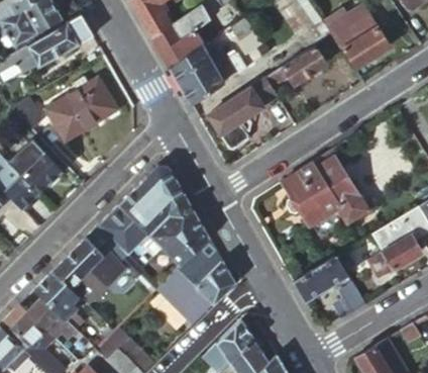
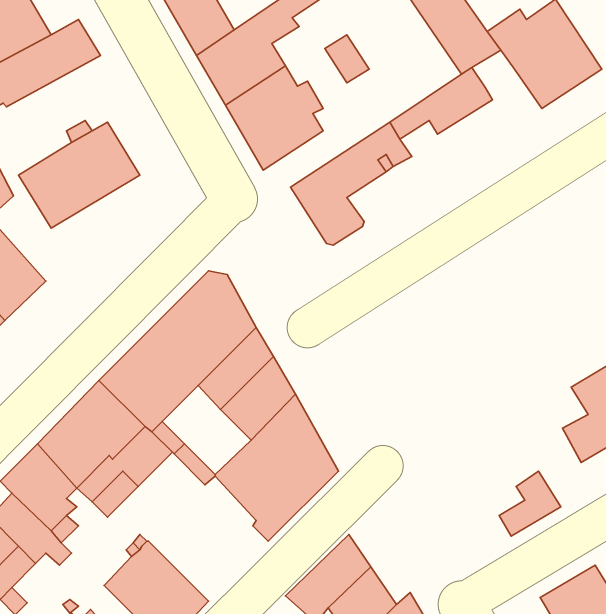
building: [281,151,366,225] -> none
building: [292,256,351,303] -> none

